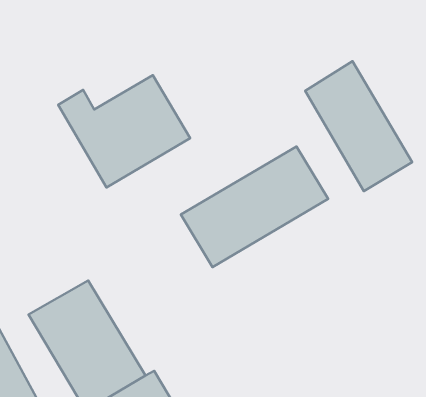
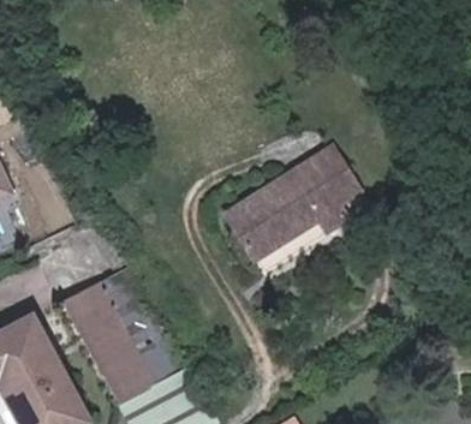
building: [305,61,412,191] -> none
building: [58,75,190,188] -> none

